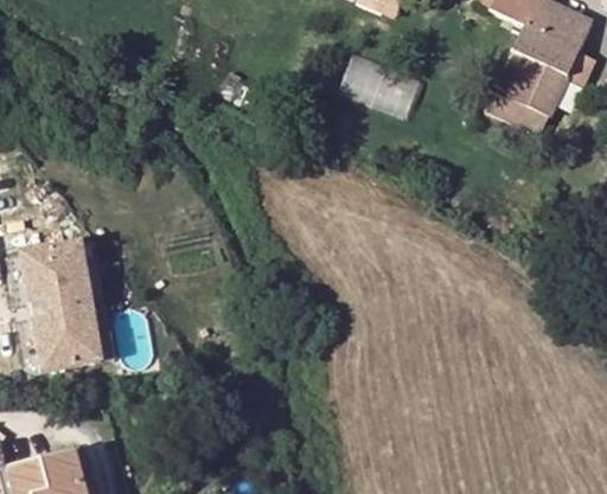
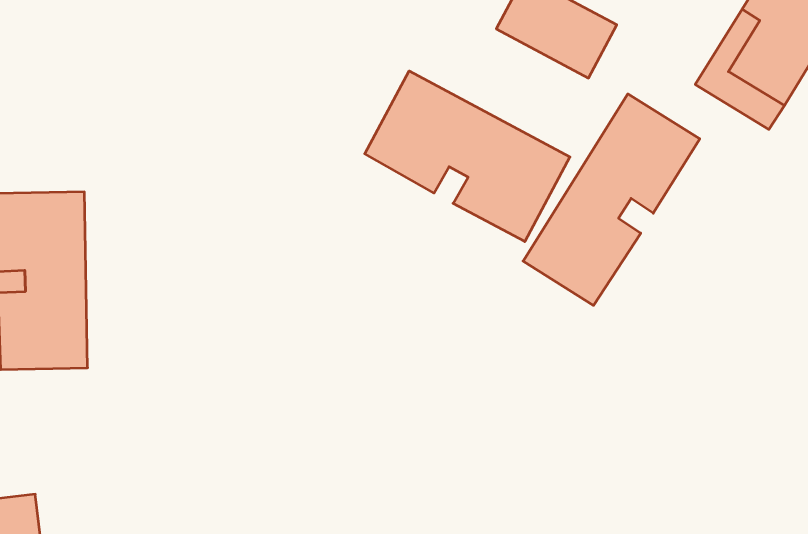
building: none -> [523,94,700,305]
building: none -> [365,71,570,242]

